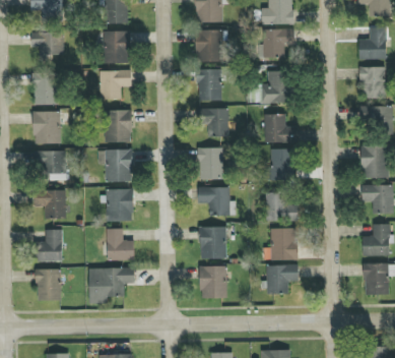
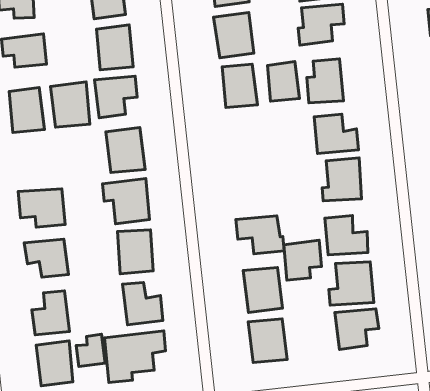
building: [205,108,227,136] -> [267,62,300,101]
building: [32,111,60,143] -> [51,82,90,127]
building: [198,147,222,180] -> none
building: none -> [284,240,321,280]
building: none -> [76,334,105,366]

